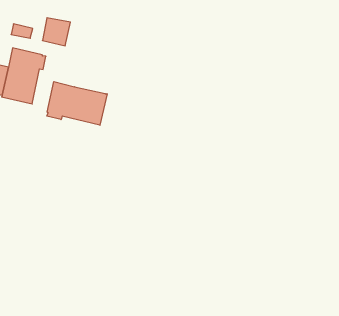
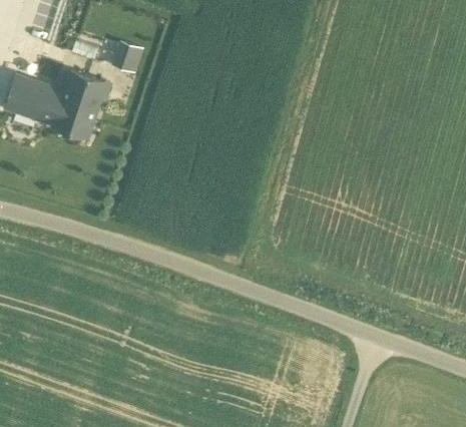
building: [47,82,107,125] -> none

